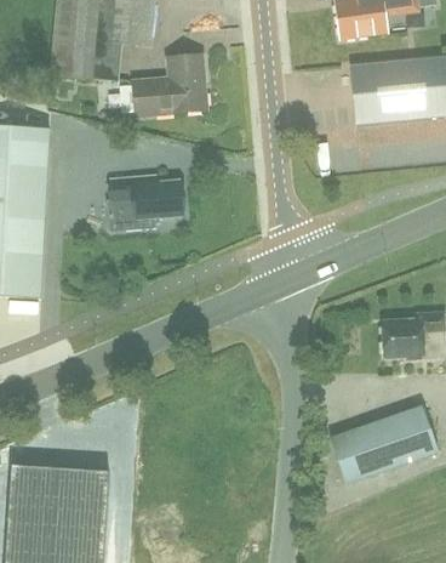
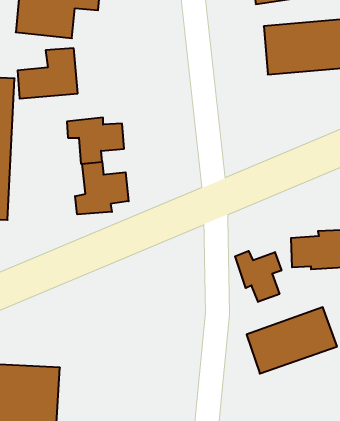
building: [133,53,206,114] -> [18,48,78,99]
building: none -> [75,162,129,214]
building: none -> [235,251,281,302]

